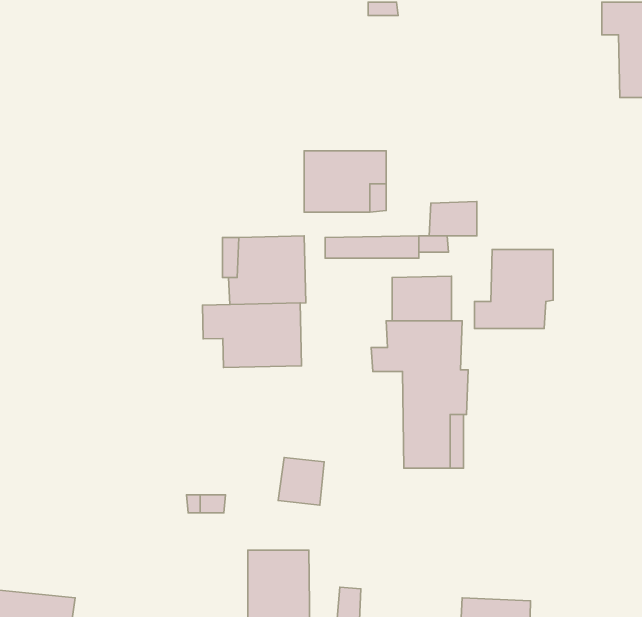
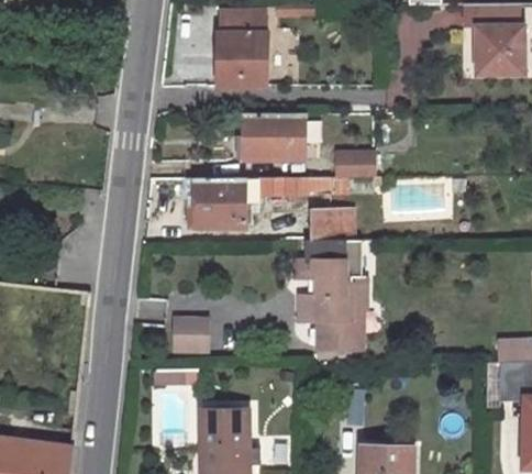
building: none -> [218,11,268,88]
building: [474,250,553,329] -> none
building: [202,303,301,367] -> none
building: [278,457,324,505] -> [169,323,203,359]

